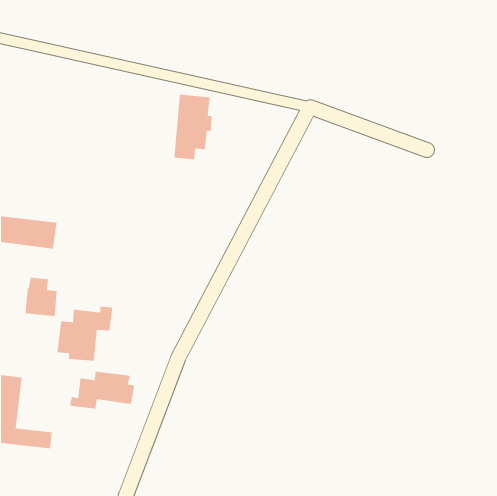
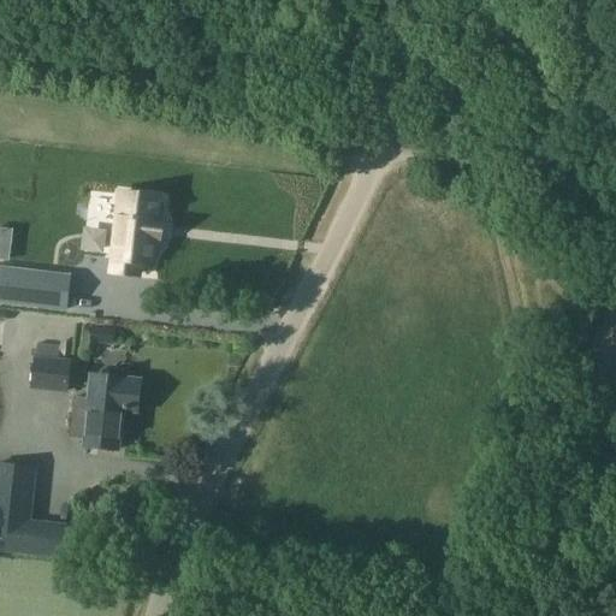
building: [173,94,212,160] -> [107,191,155,273]
building: [69,371,135,409] -> none

